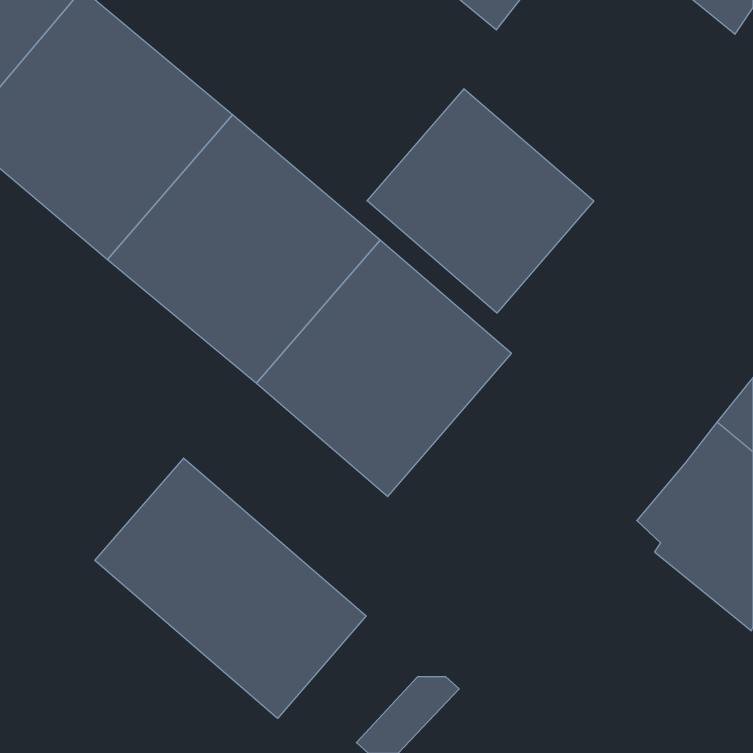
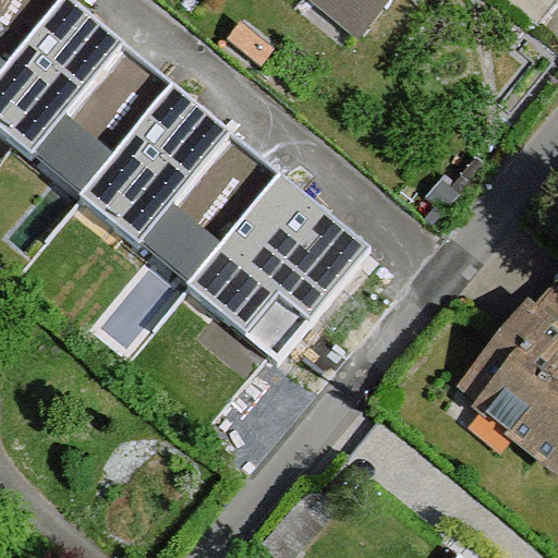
building: [367,89,594,313] -> none
building: [95,458,366,718] -> none

